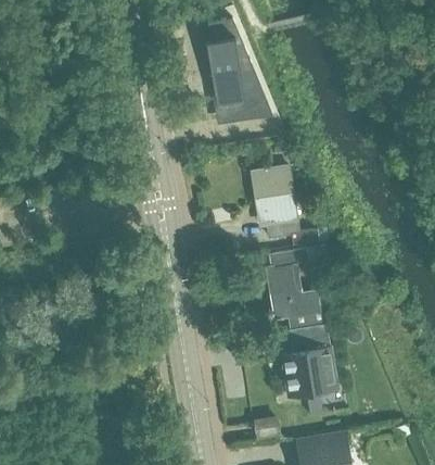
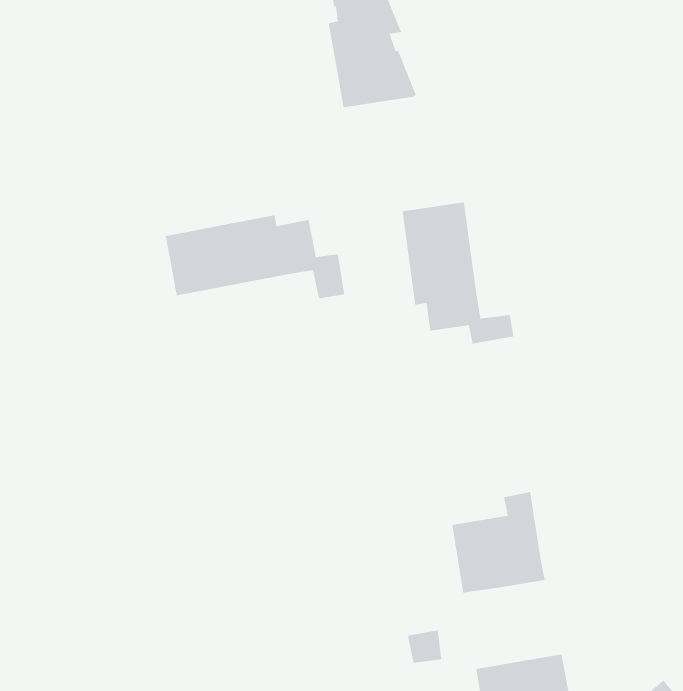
building: none -> [165,215,345,299]
building: [268,252,336,331] -> none

